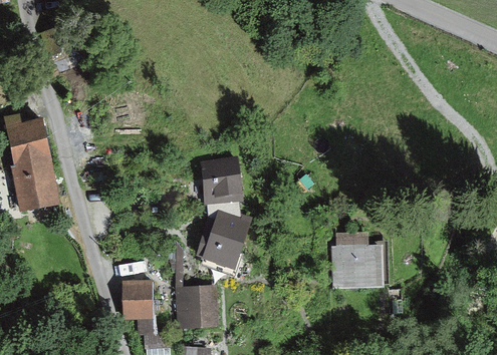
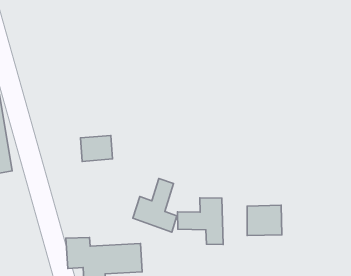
building: [204,172,241,203] -> [80,135,112,161]
building: none -> [177,198,223,244]

